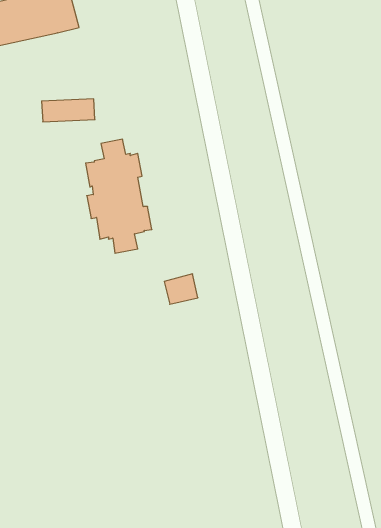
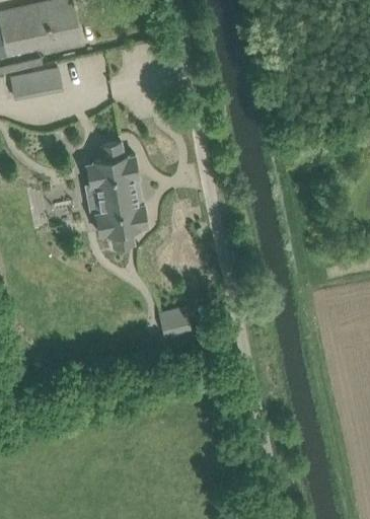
building: [42,99,95,122] -> [12,71,62,92]
building: [164,274,198,304] -> [158,308,190,337]

